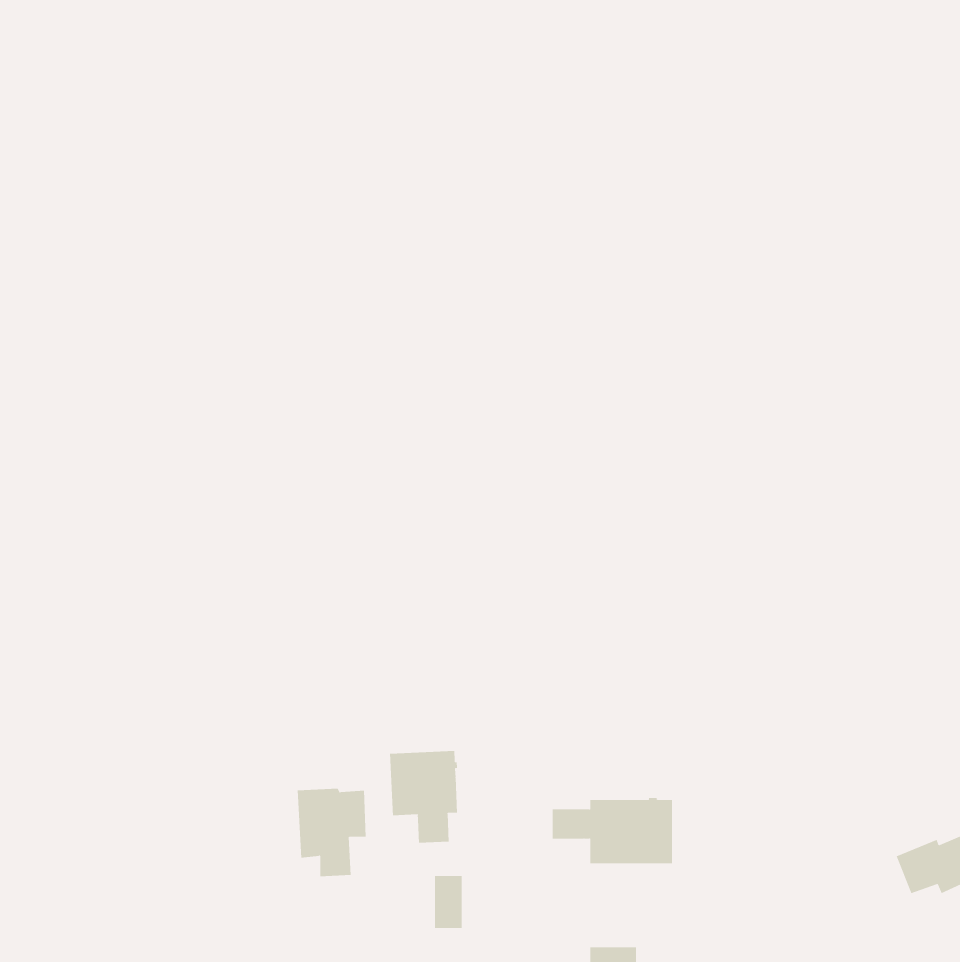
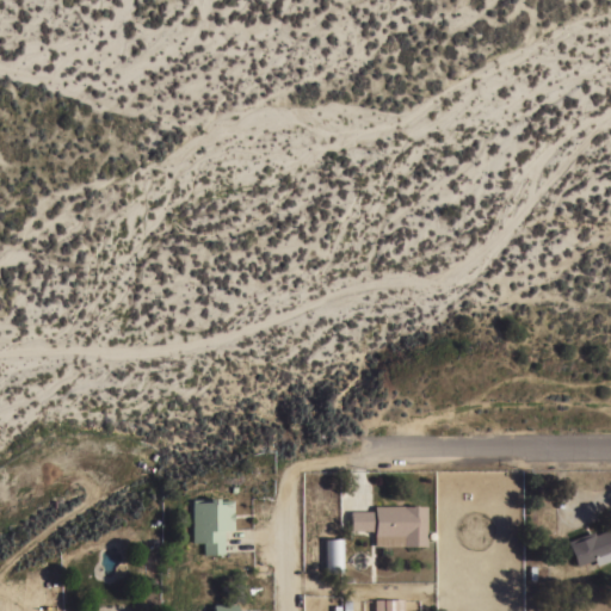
building: [389,750,458,843] -> none
building: [434,876,463,928] -> [327,541,345,574]

